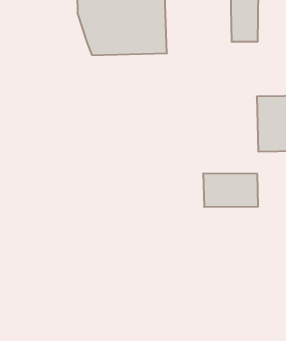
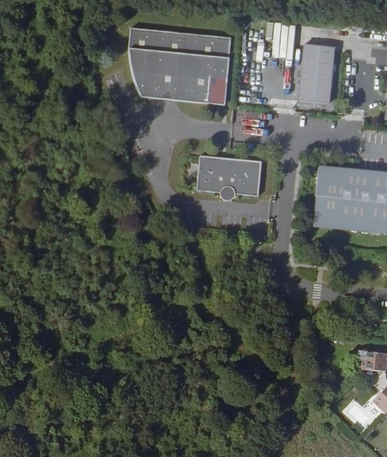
building: [203,174,258,207] -> [198,154,261,197]

